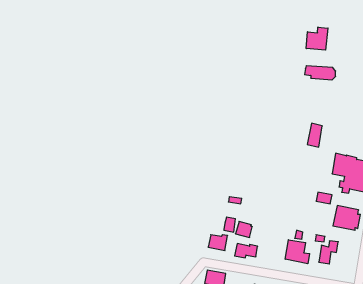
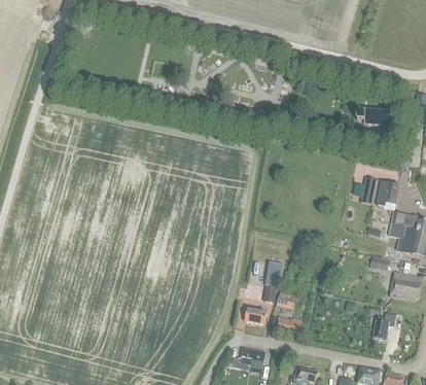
building: [306,27,328,50] -> none
building: none -> [376,178,399,205]
building: [285,240,310,264] -> none

